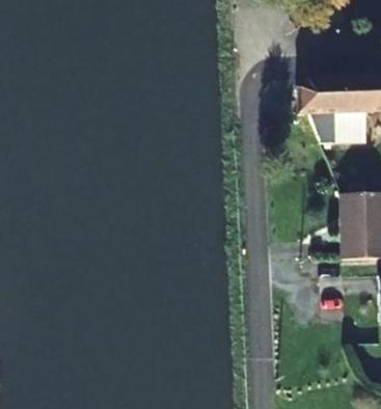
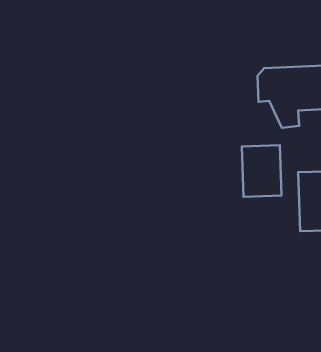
building: none -> [242,145,282,197]

